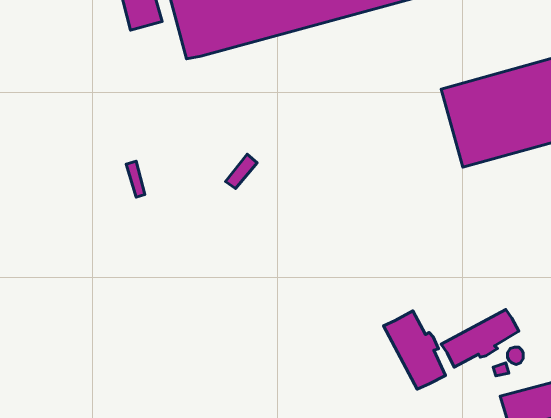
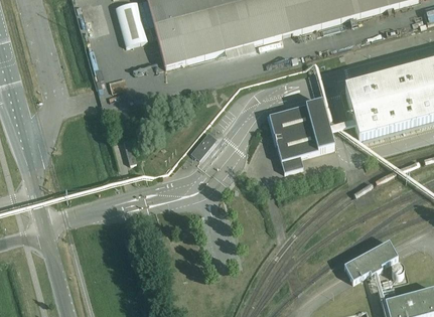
building: none -> [269,100,334,170]
building: [383,311,445,389] -> none

